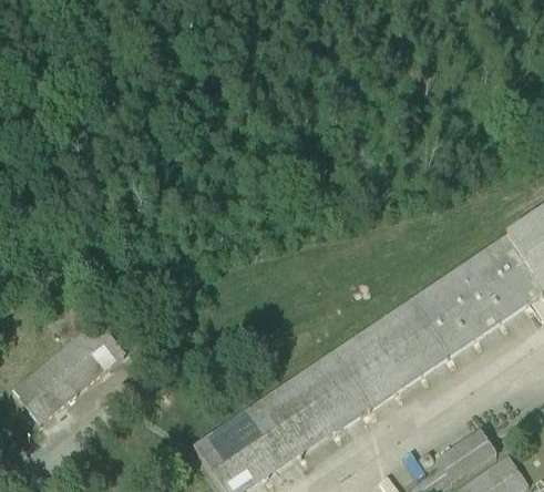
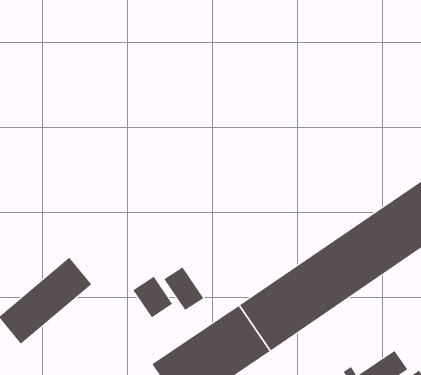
building: none -> [163,266,204,311]
building: none -> [133,276,173,318]

